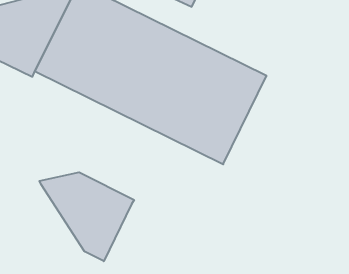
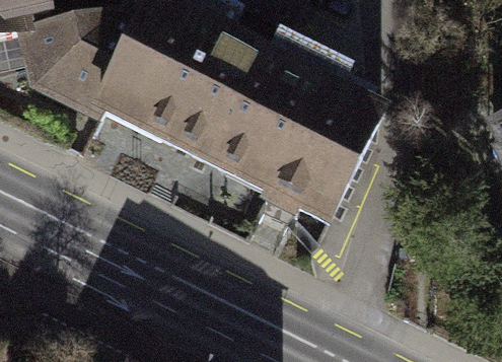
building: [39,172,134,261] -> none

